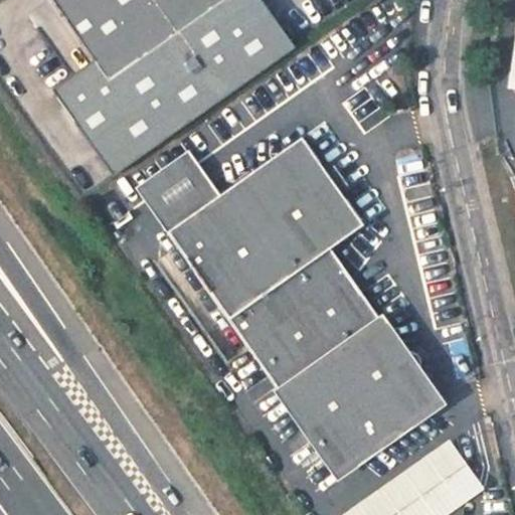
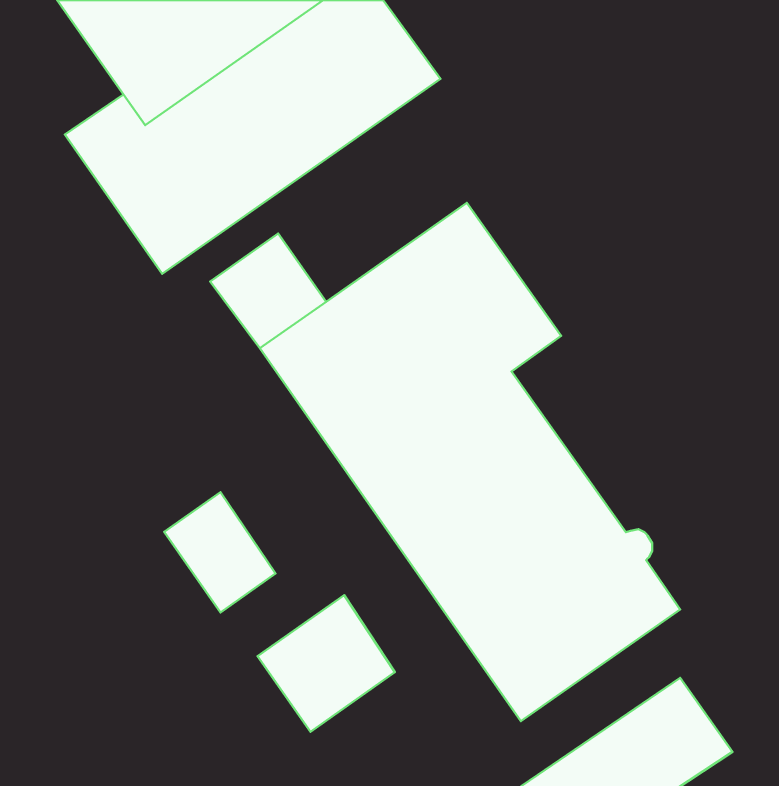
building: none -> [164,492,275,613]
building: none -> [258,595,395,732]

